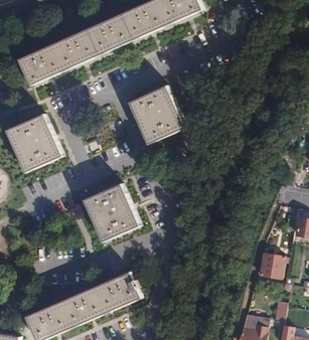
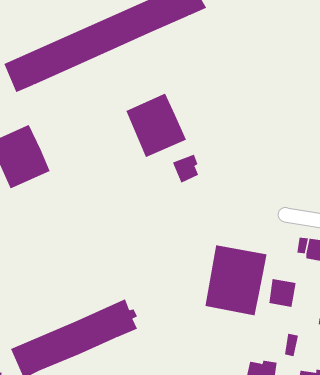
building: none -> [172,154,199,183]
building: [86,183,141,241] -> none
building: none -> [205,245,267,316]

